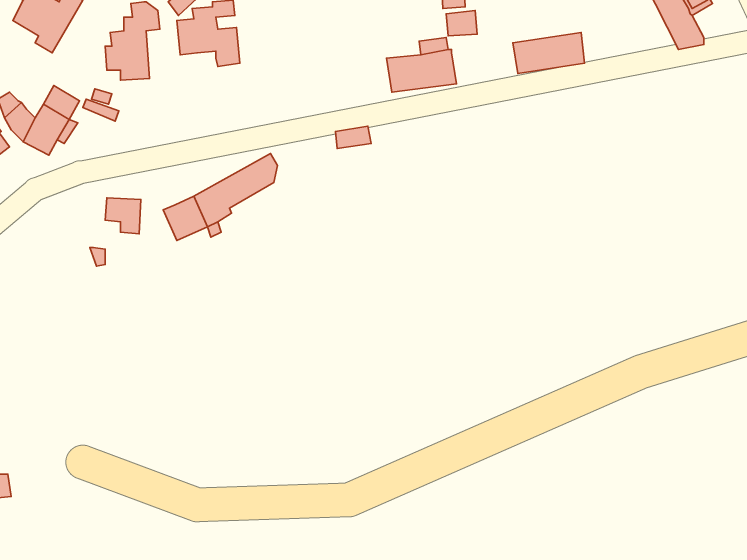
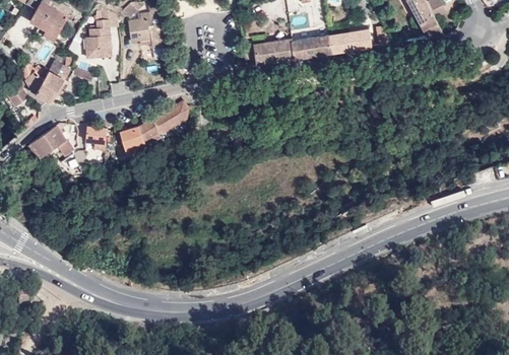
building: none -> [291,36,330,60]
building: none -> [28,126,73,157]

